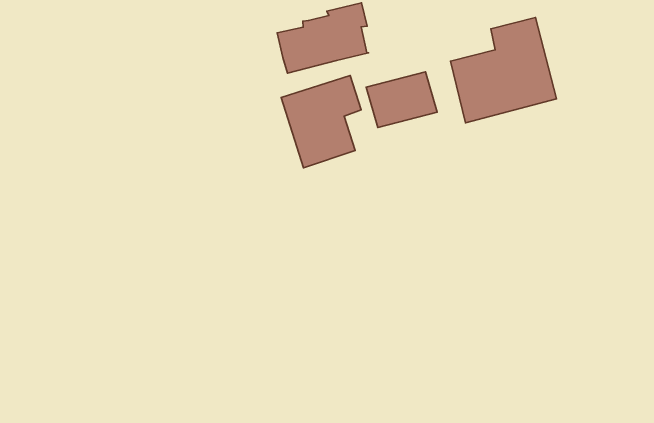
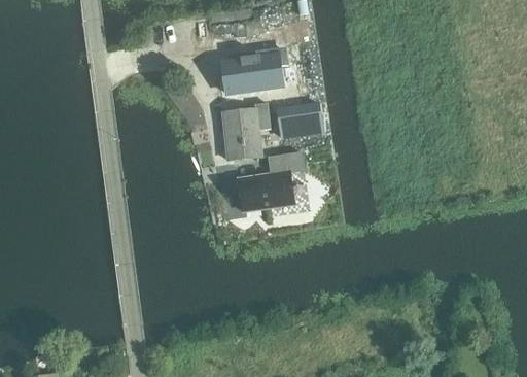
building: [451,17,556,123] -> none
building: none -> [235,153,303,212]

